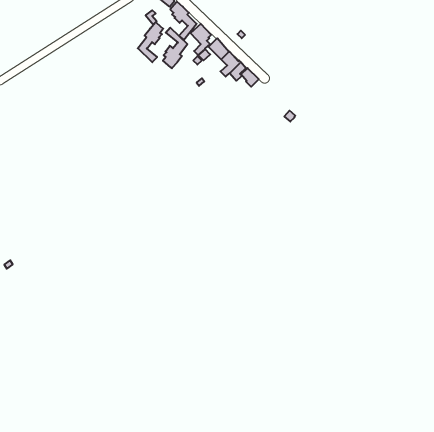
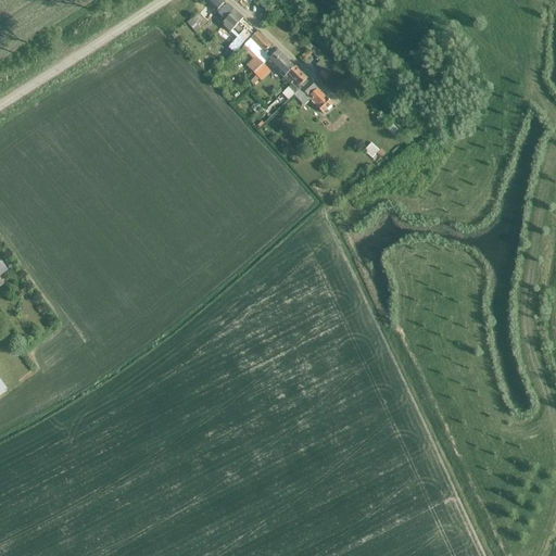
building: [138,22,163,62] -> none
building: [163,28,187,68] -> none

